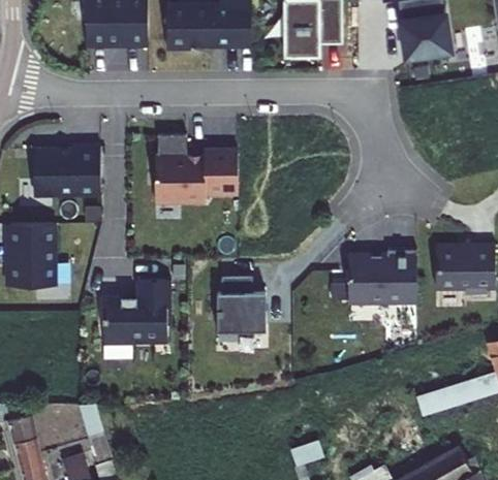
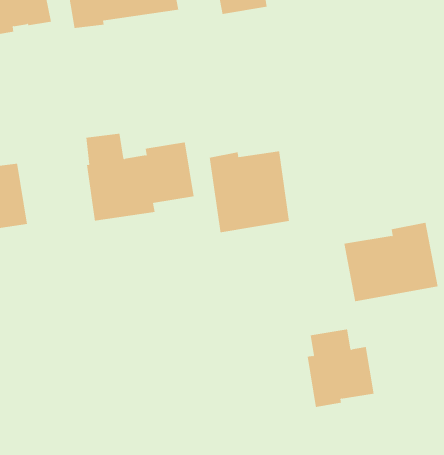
building: none -> [209,151,290,233]
building: [213,278,261,335] -> [307,329,374,407]
building: [101,282,168,343] -> none

